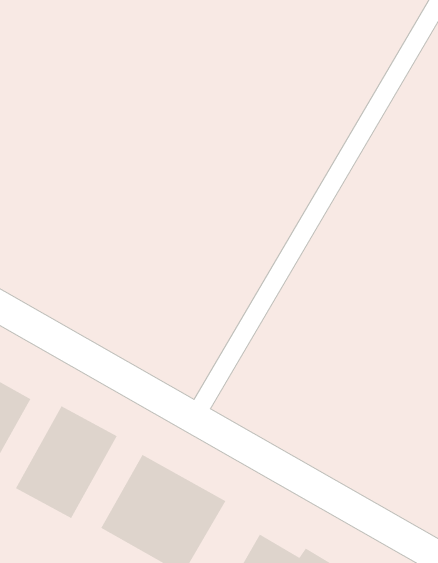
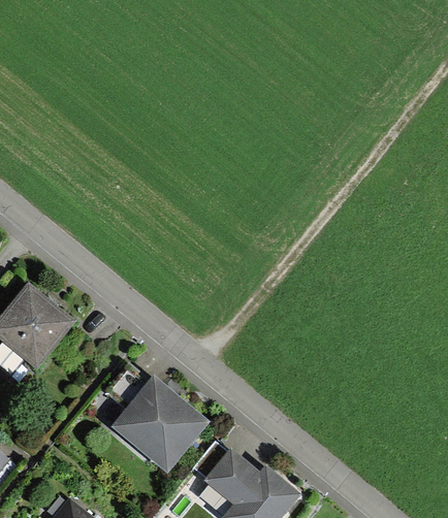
building: [15,405,118,519] -> none

